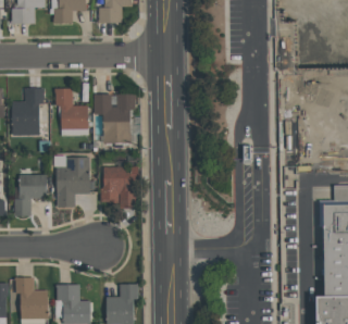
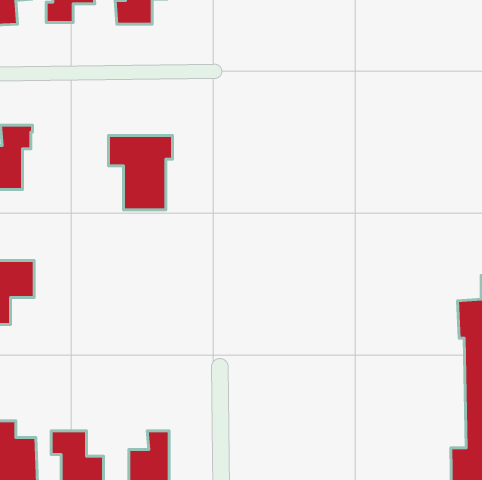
building: [57,89,89,129] -> none
building: [57,158,90,208] -> none
building: [101,166,139,208] -> none

